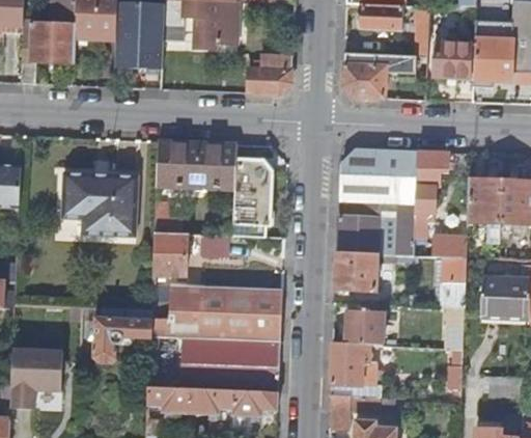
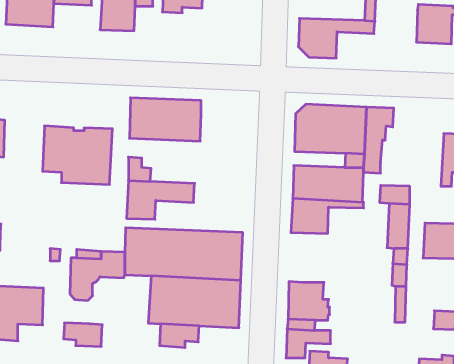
building: [431,43,473,79] -> none
building: [247,53,291,92] -> none
building: [232,159,272,236] -> none
building: [466,179,502,238] -> none
building: [346,310,383,345] -> none
building: [148,387,191,413] -> [64,323,102,346]
building: [232,391,277,416] -> none

